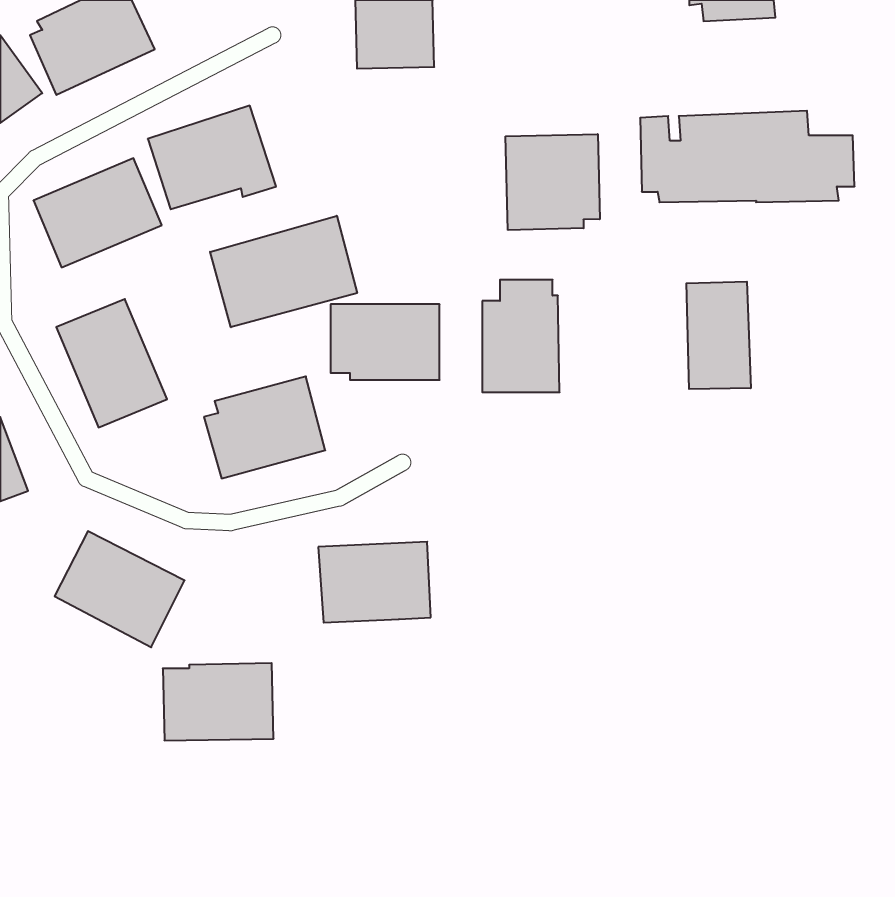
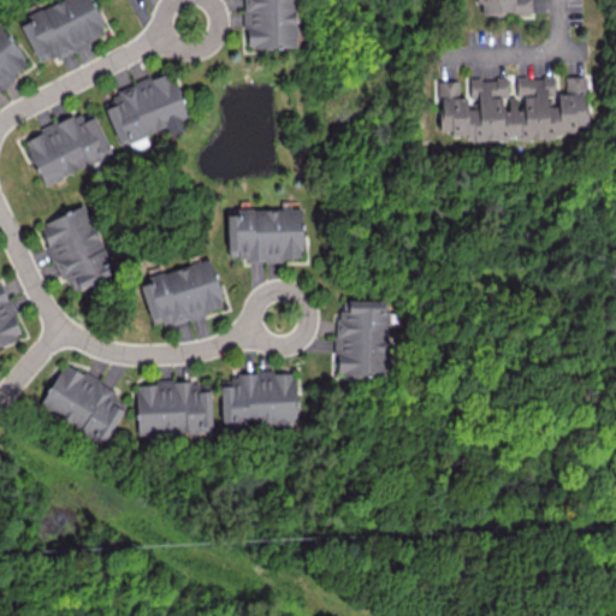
building: [506,134,600,230] -> none
building: [210,216,357,327] -> none
building: [482,280,560,392] -> [337,300,390,377]
building: [686,282,751,389] -> none
building: [163,663,274,740] -> [137,381,213,434]

